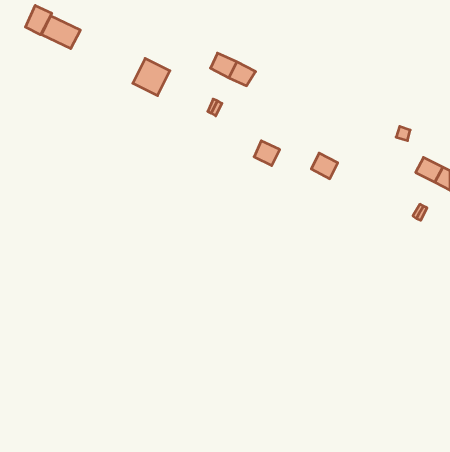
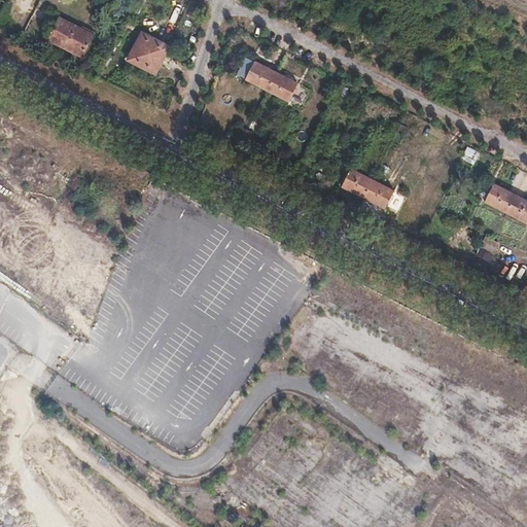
building: [25,5,52,35] -> none
building: [133,58,170,96] -> [128,31,171,74]
building: [254,141,280,166] -> [342,168,372,197]

